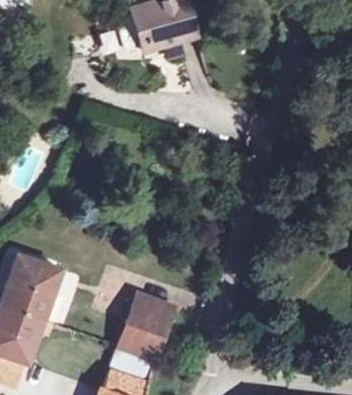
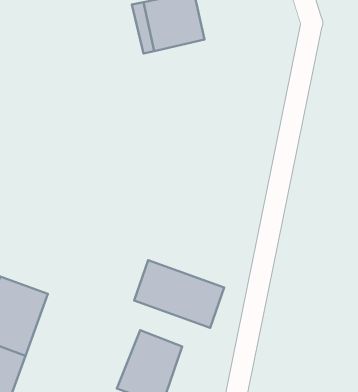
building: none -> [134,260,224,328]

